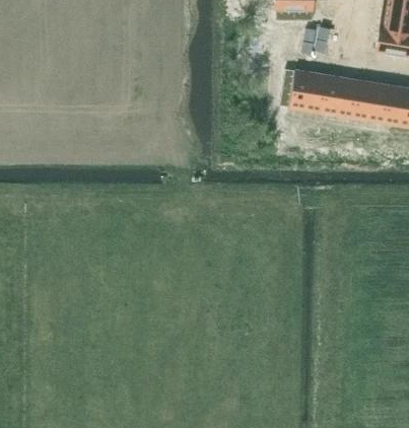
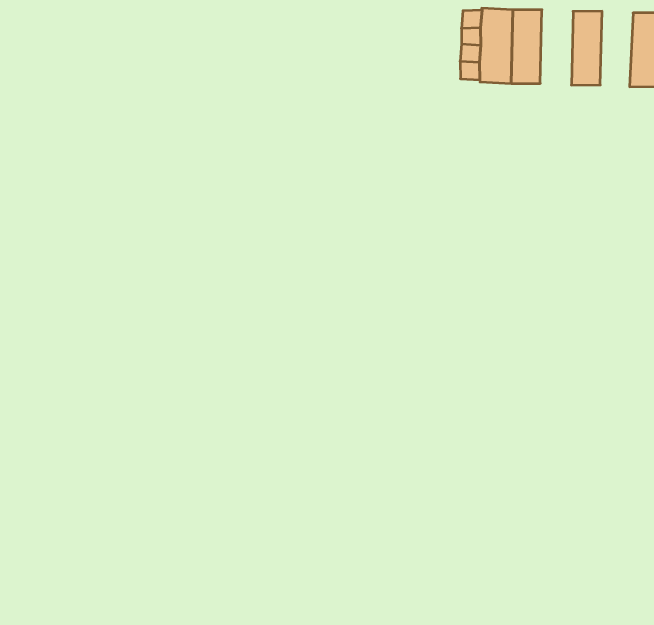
building: [327,74,349,116] -> none
building: [358,79,381,121] -> none

